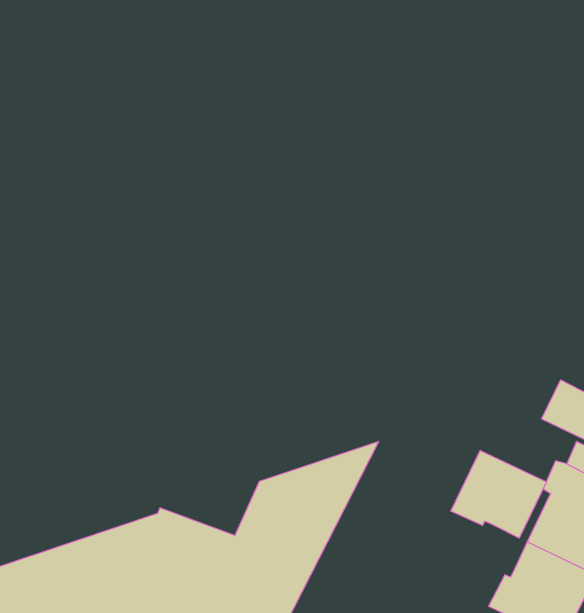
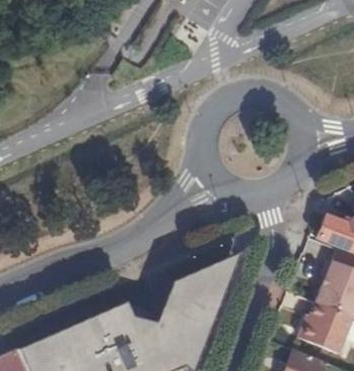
building: [451,450,546,538] -> none

